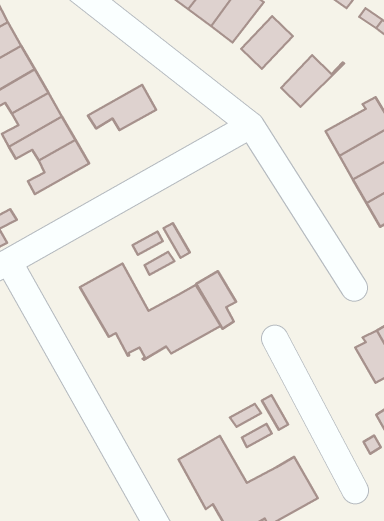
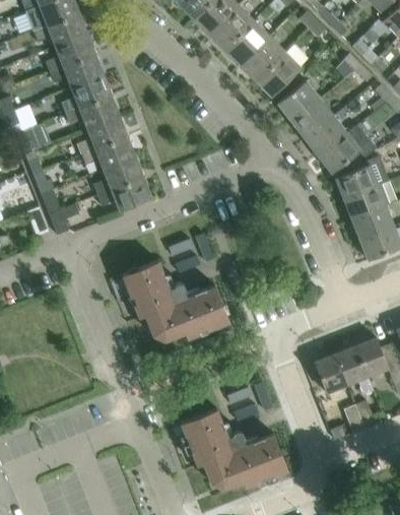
building: none -> [291,99,333,138]
building: none -> [318,126,376,173]
building: [88,85,156,130] -> [96,177,151,210]
building: [196,271,236,329] -> none
building: none -> [312,353,346,392]

